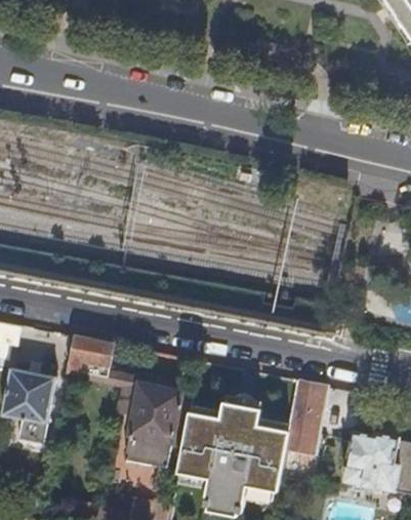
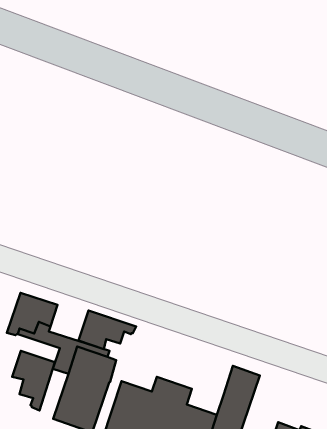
building: none -> [78,311,136,349]
building: none -> [12,351,55,411]

